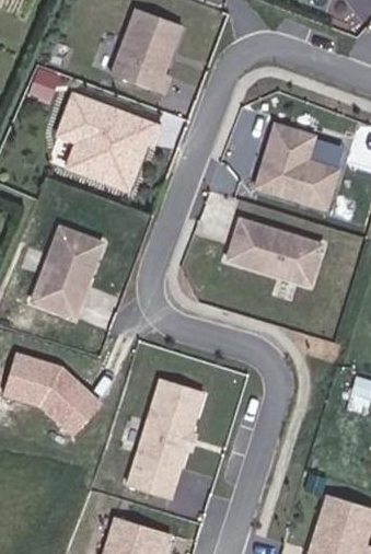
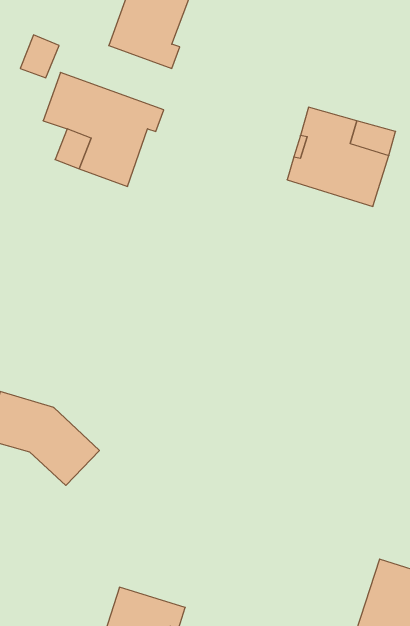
building: [228,220,321,282] -> none
building: [34,229,101,318] -> none
building: [128,379,201,498] -> none

